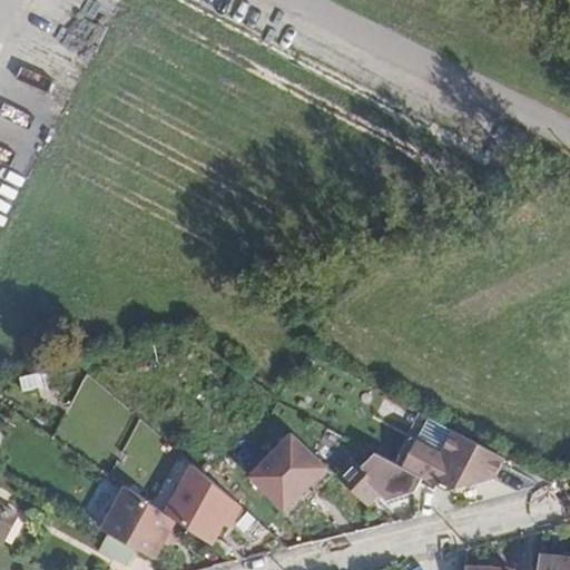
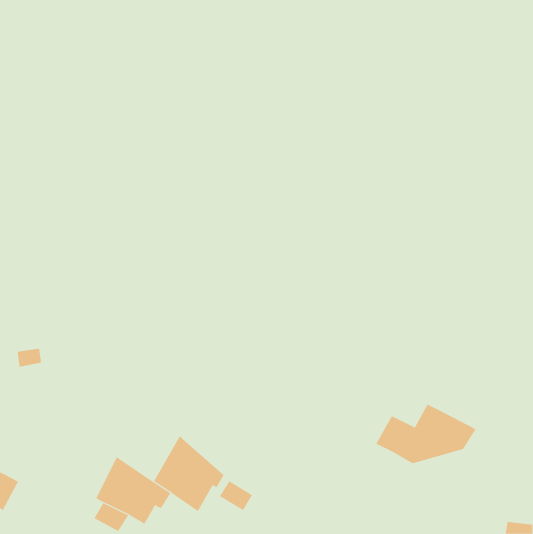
building: [247,433,324,510] -> none
building: [334,455,416,504] -> none

